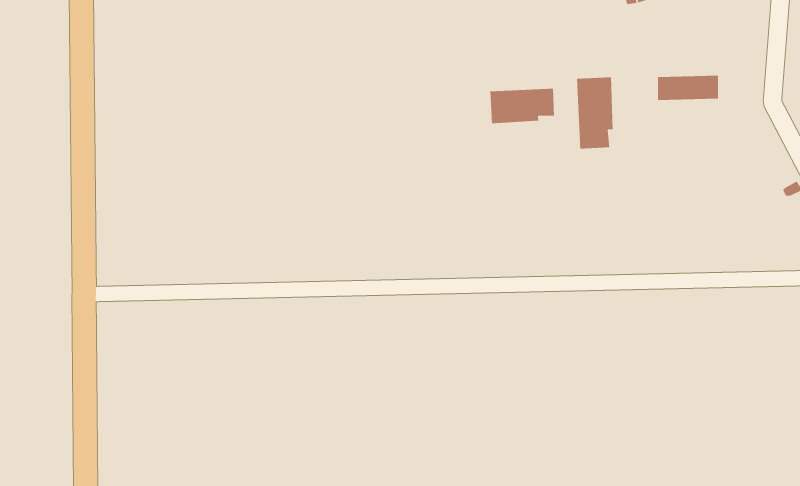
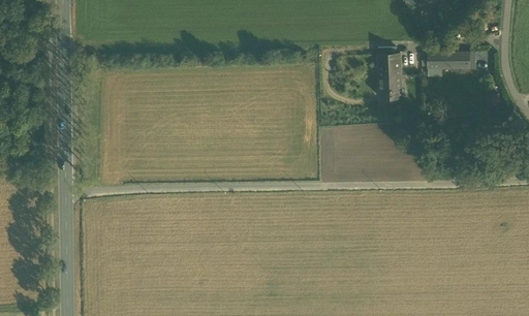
building: [490,88,555,124] -> none

